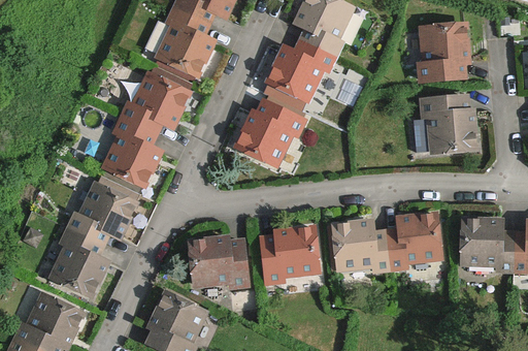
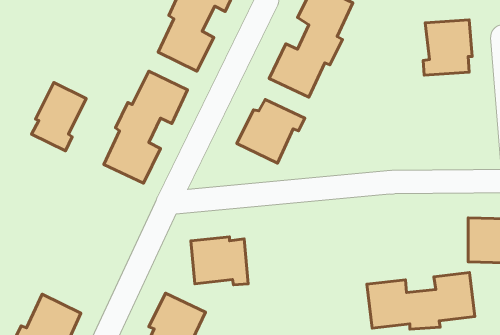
building: none -> [31,83,86,151]
building: [412,97,474,151] -> none
building: [52,186,134,297] -> none
building: [333,214,439,269] -> [367,273,475,329]
building: [262,228,317,282] -> none

